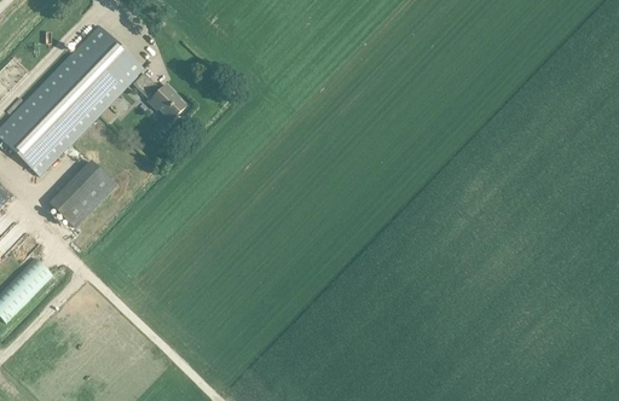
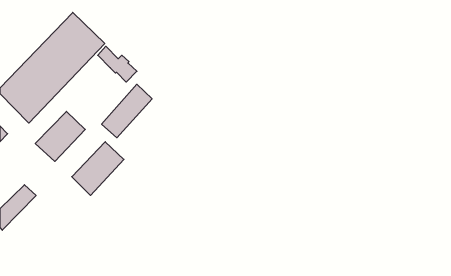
building: none -> [102,84,152,138]
building: none -> [72,142,124,195]

